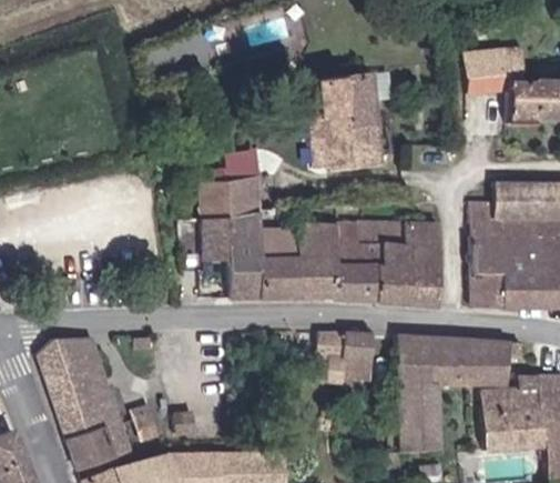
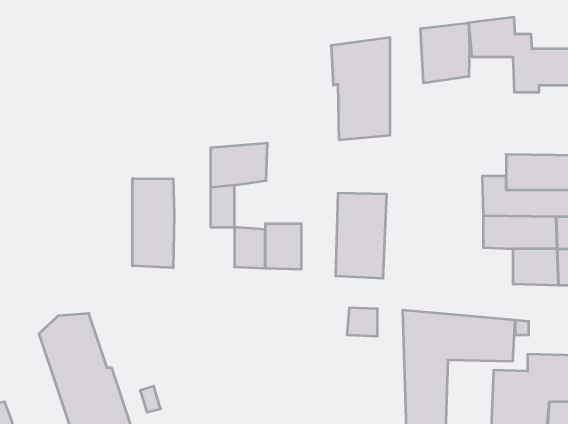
building: none -> [420,23,469,83]
building: none -> [133,178,174,268]
building: [376,220,438,305] -> none
building: [231,221,261,254] -> none
building: [296,223,332,293] -> none
building: [474,272,502,308] -> none
building: [299,330,343,376] -> none

